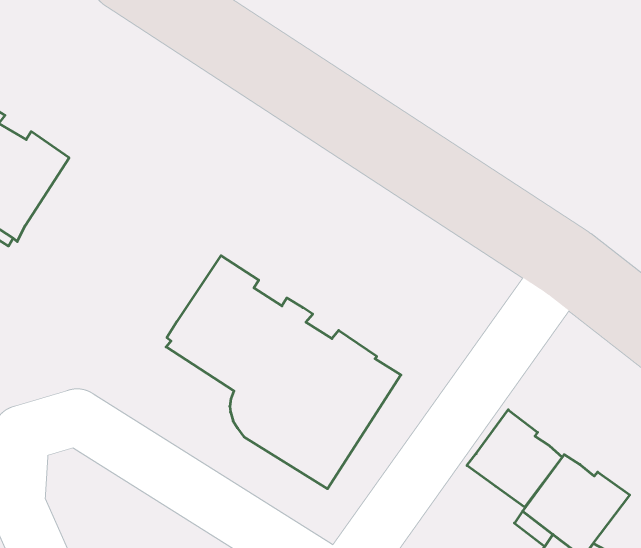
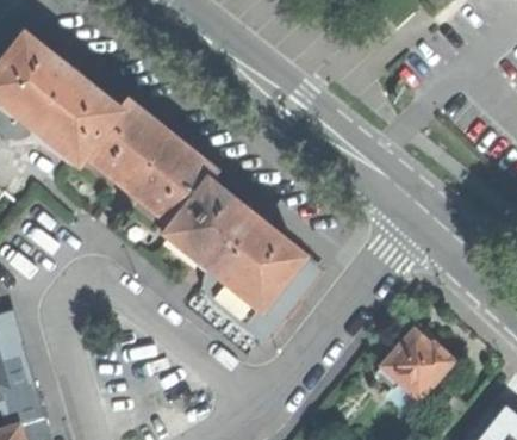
building: none -> [85,99,216,221]
building: [467,410,562,507] -> none

